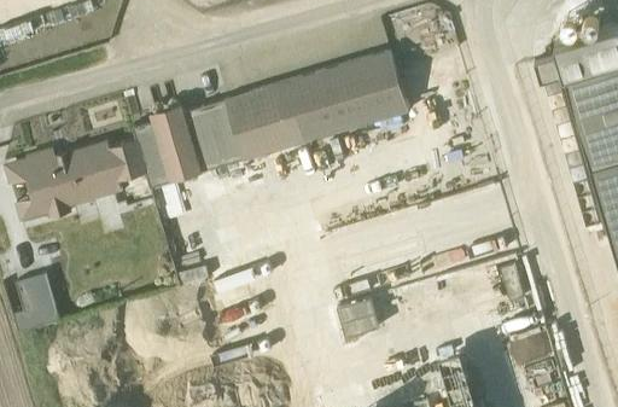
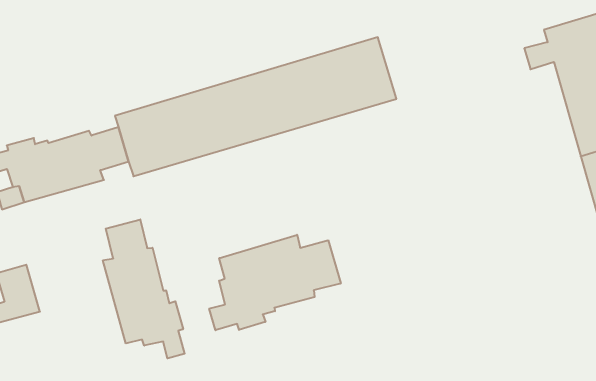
building: none -> [103,219,185,358]
building: none -> [209,235,341,330]

